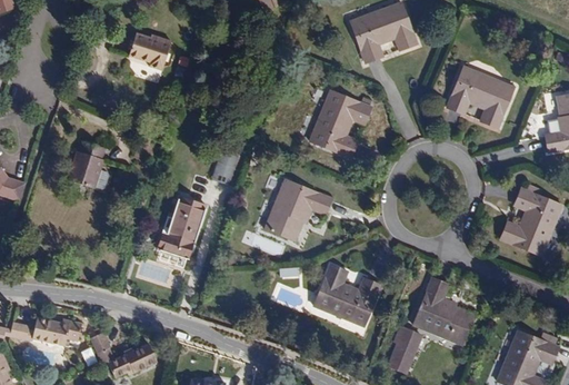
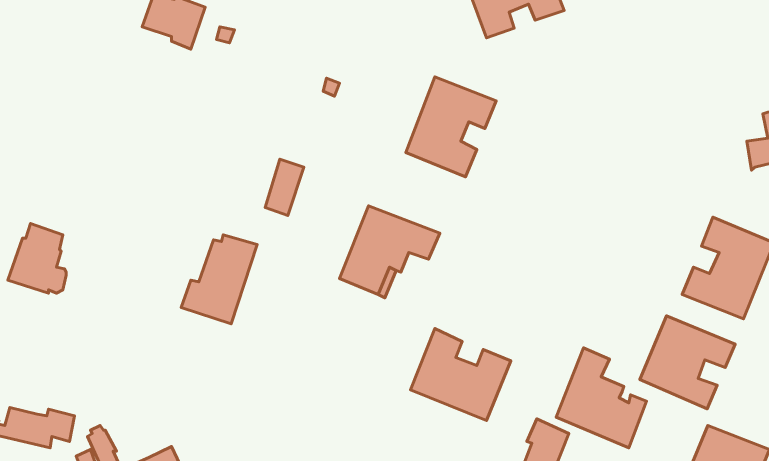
building: [446,65,516,128] -> none
building: [67,140,107,188] -> [8,224,66,293]
building: none -> [640,316,735,409]

